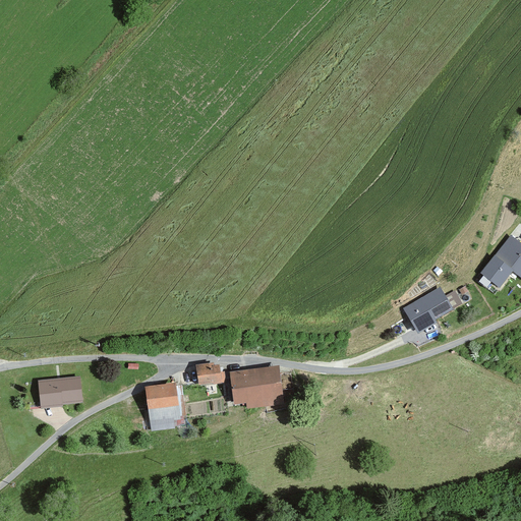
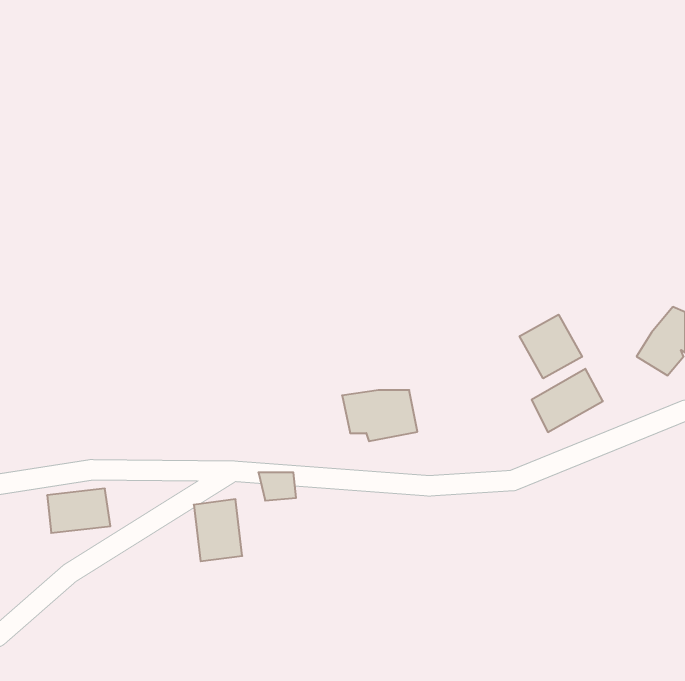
building: none -> [520,315,582,378]
building: [229,367,286,406] -> [342,390,417,441]

